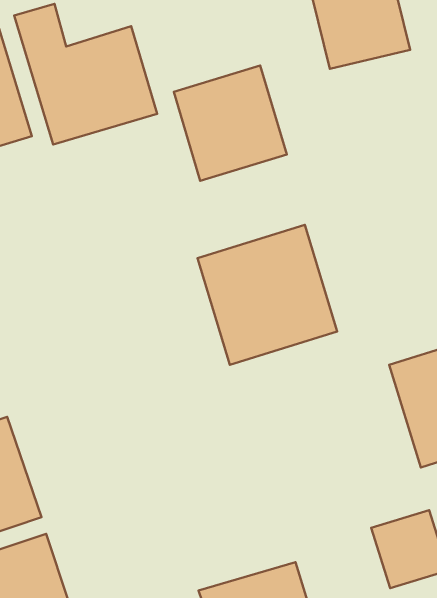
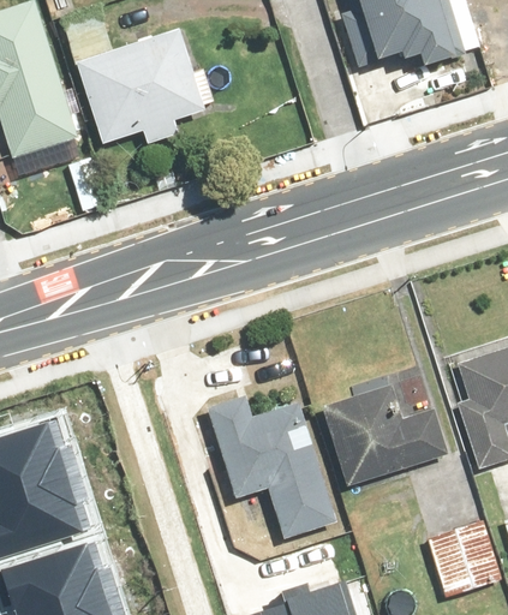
building: [174,66,287,181] -> none
building: [197,225,337,365] -> none
building: none -> [318,375,454,492]
building: none -> [203,392,335,537]

